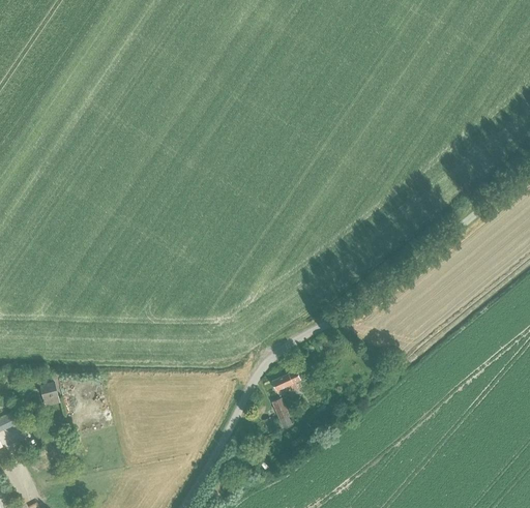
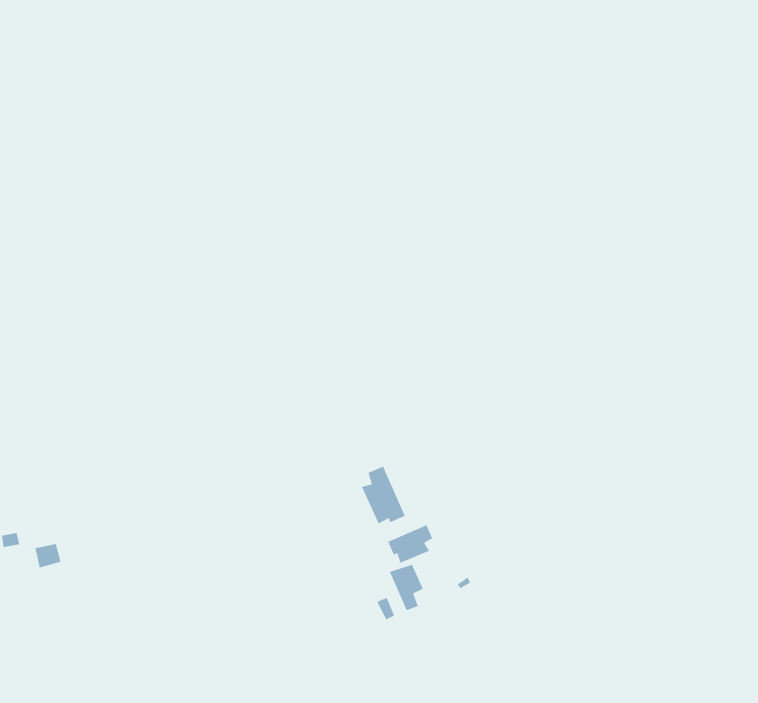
building: none -> [361,465,406,525]

